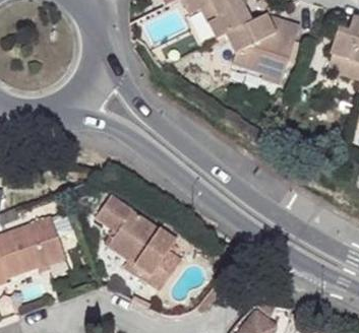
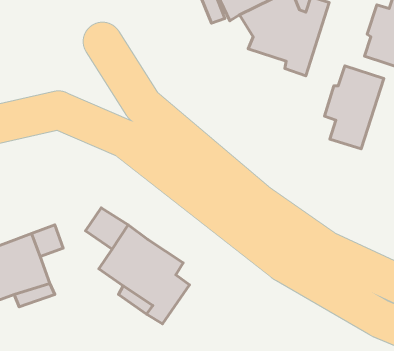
building: none -> [324,66,384,149]

